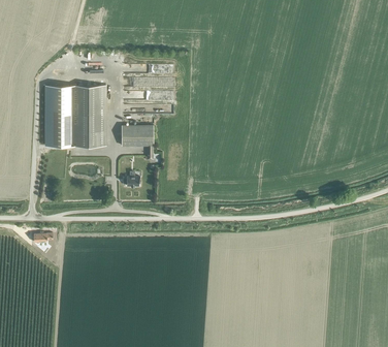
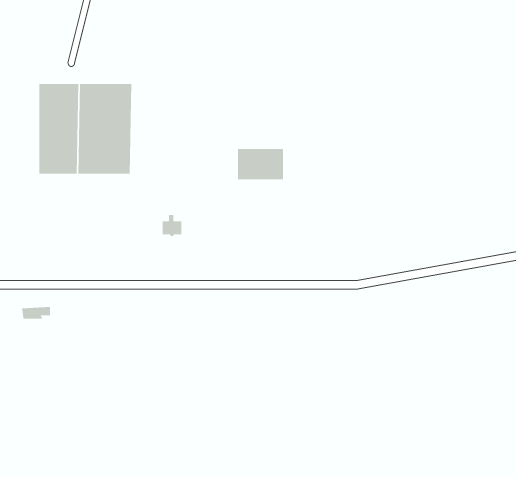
building: [121,125,152,146] -> [237,149,284,180]

